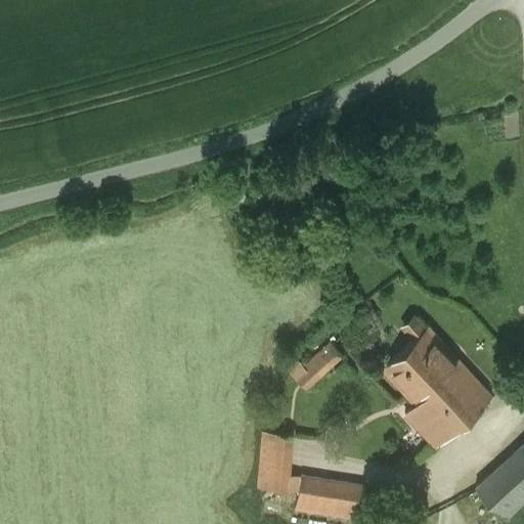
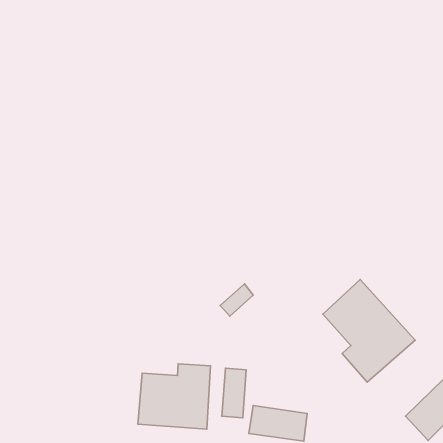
building: [305,342,344,380] -> [220,284,253,316]
building: none -> [138,364,210,429]

